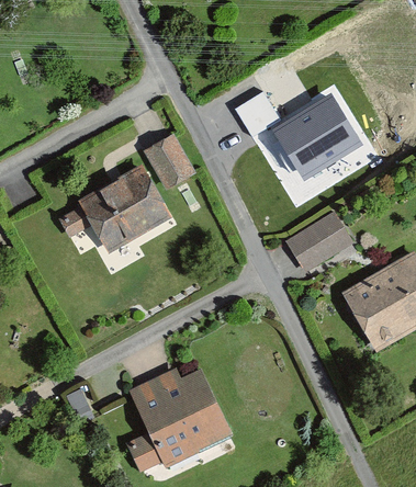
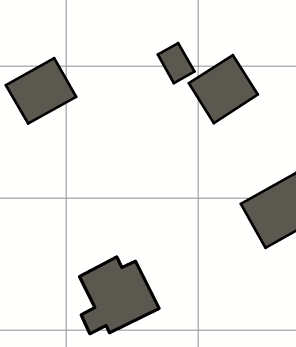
building: [145,134,199,192] -> none
building: [75,165,169,252] -> [6,58,76,124]
building: [286,213,352,272] -> none

